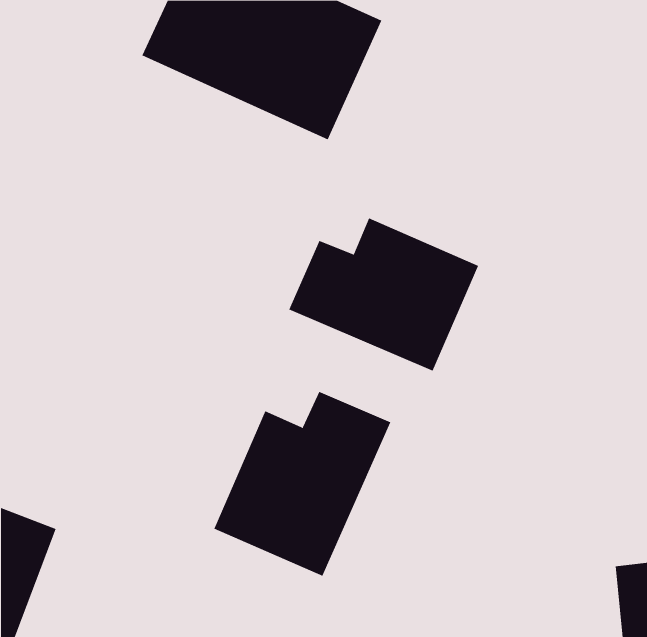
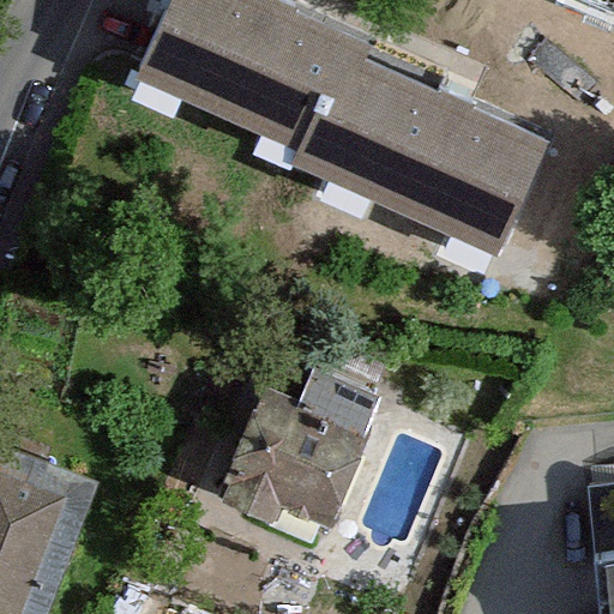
building: none -> [315,38,544,230]
building: [289,217,479,372] -> none

